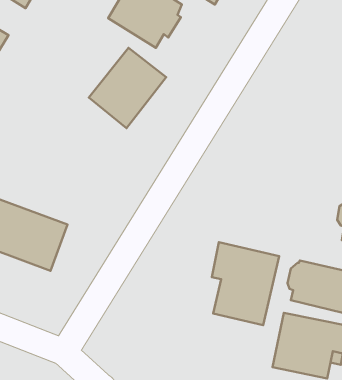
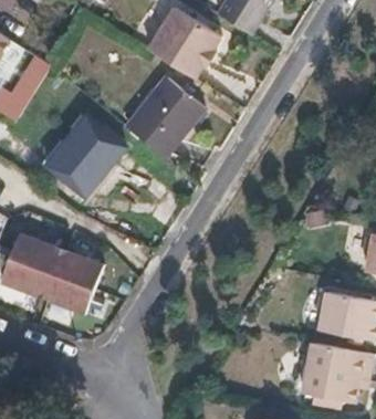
building: none -> [43,117,123,199]
building: [212,242,279,325] -> none

